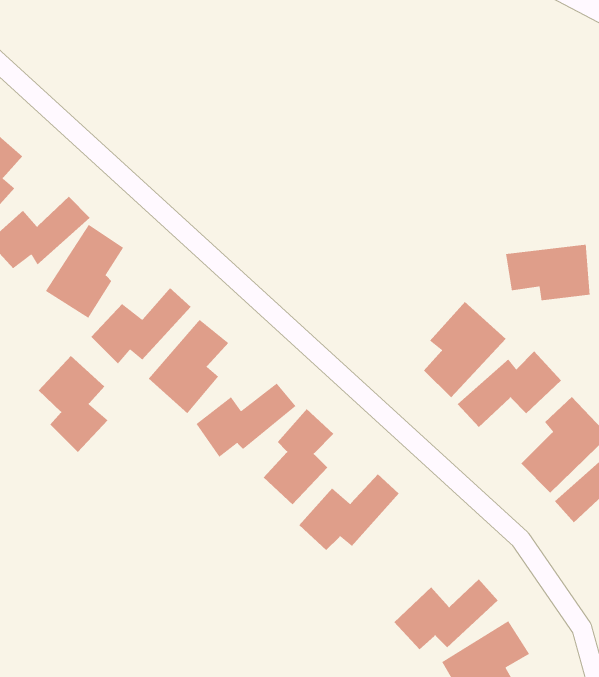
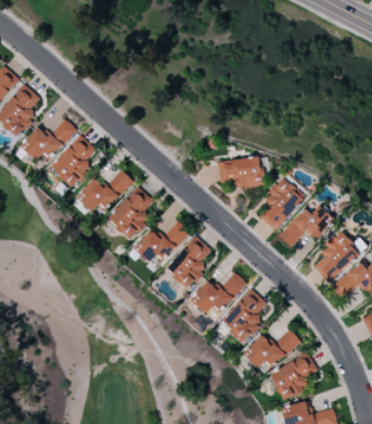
building: [505,244,590,301] -> [217,157,264,188]
building: [38,355,109,453] -> none
building: none -> [227,289,267,341]

